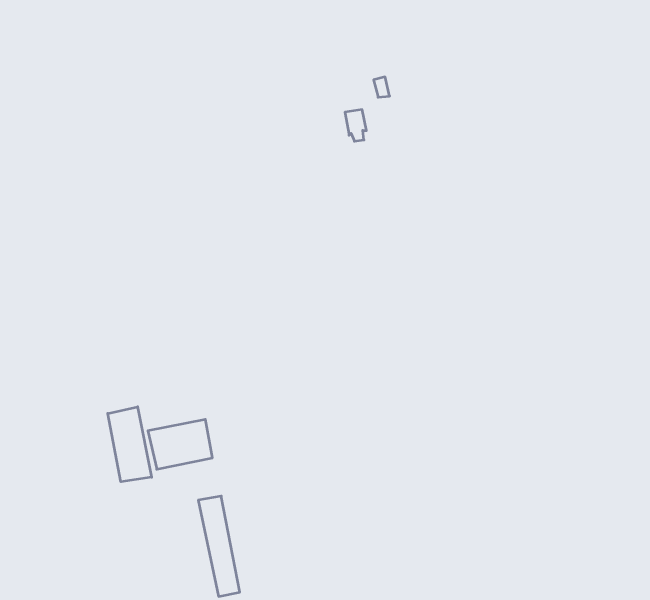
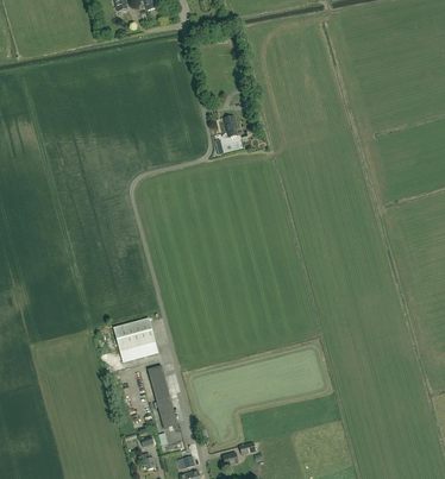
building: [108,407,152,482] -> none

